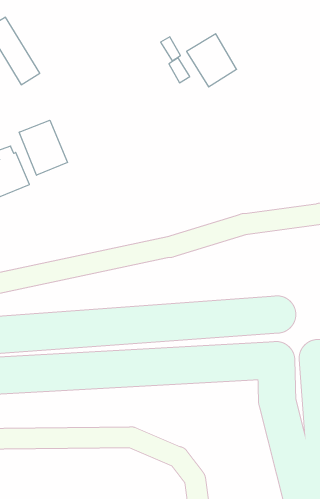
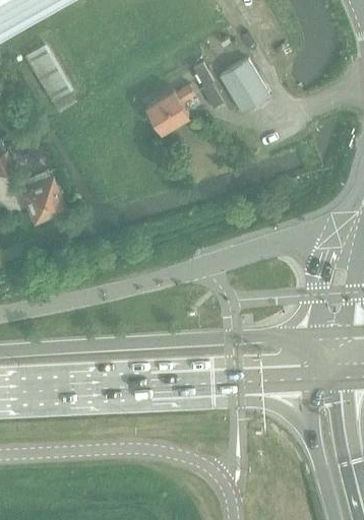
building: none -> [146,84,194,130]
building: [19,120,68,175] -> none

